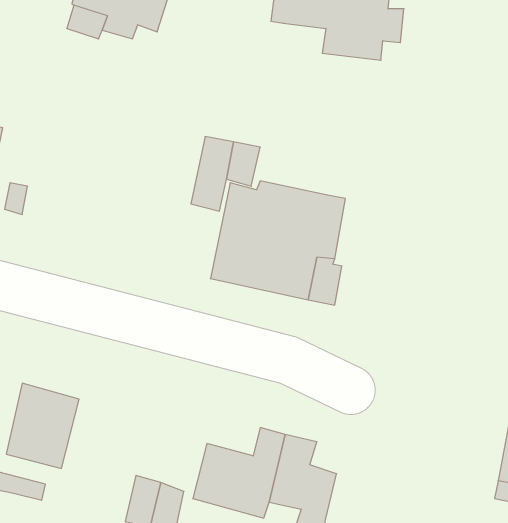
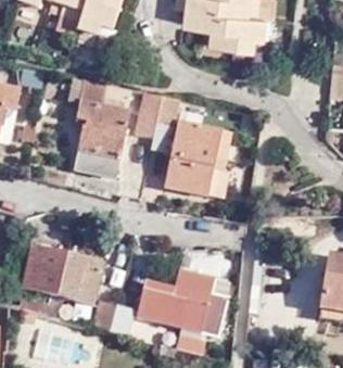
building: none -> [73,80,128,180]
building: none -> [55,254,102,306]

